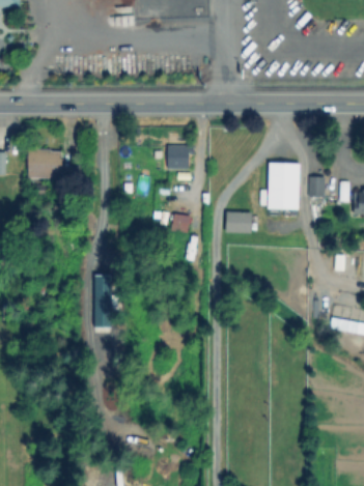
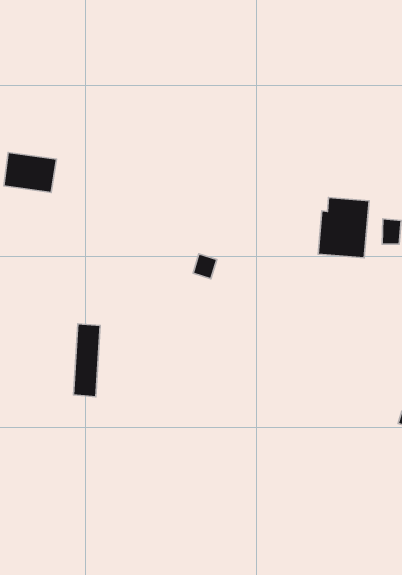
building: [167,146,191,168] -> none
building: [227,212,252,233] -> none

